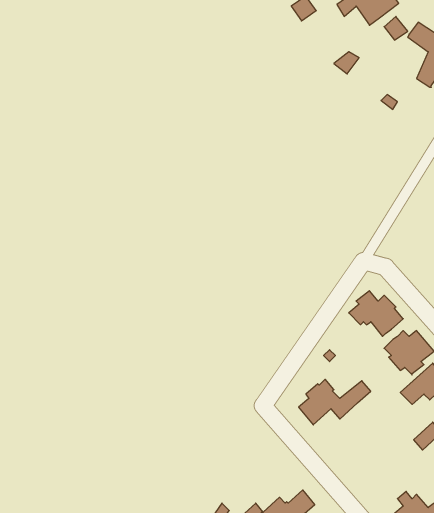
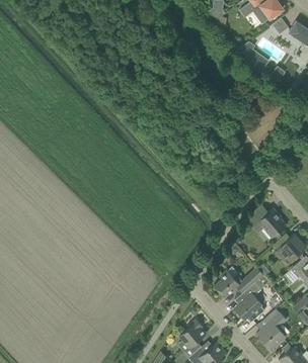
building: none -> [233,282,263,323]
building: none -> [255,308,286,350]
building: none -> [177,319,206,348]

